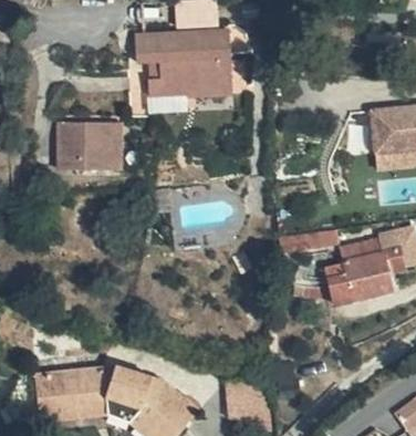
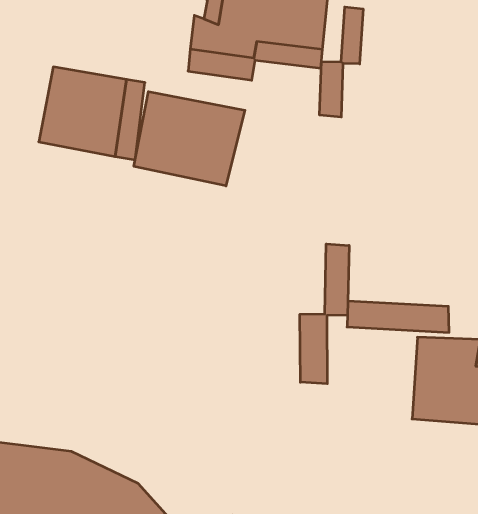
building: none -> [320,7,363,117]
building: none -> [134,92,245,186]
building: none -> [300,244,349,384]

